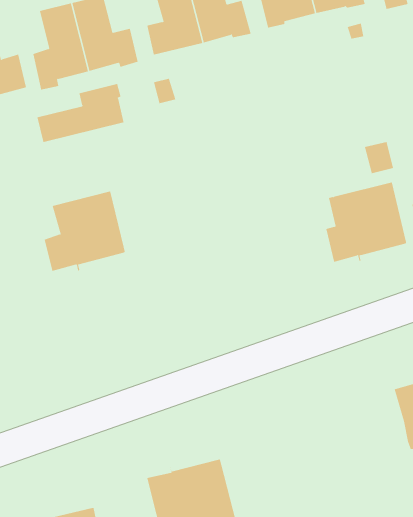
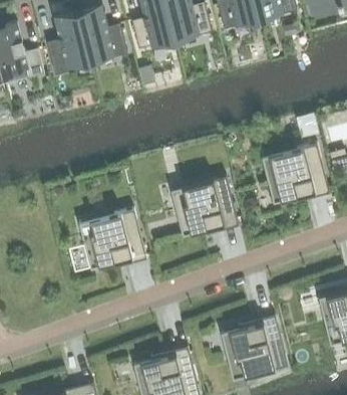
building: [37,83,124,143] -> none
building: [44,191,127,272] -> [83,208,145,268]
building: none -> [169,175,238,235]
building: none -> [220,315,287,378]

